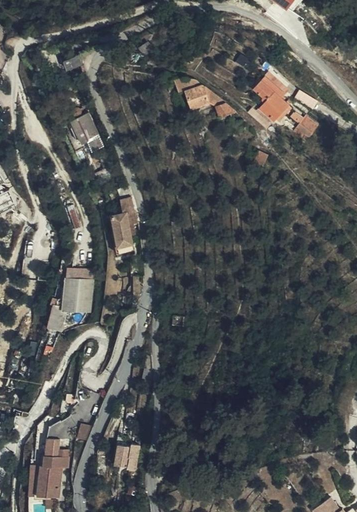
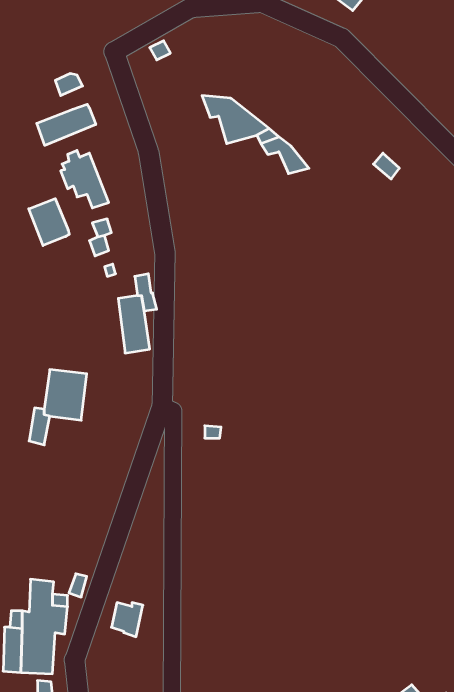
building: [251,73,286,120] -> none
building: none -> [37,104,96,145]
building: none -> [29,199,69,246]

